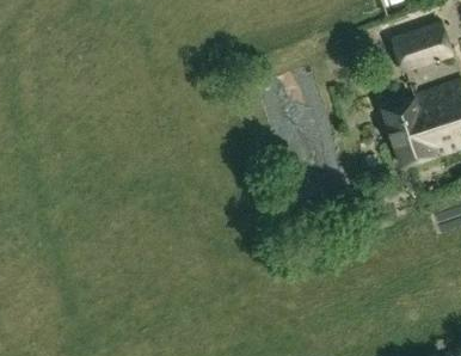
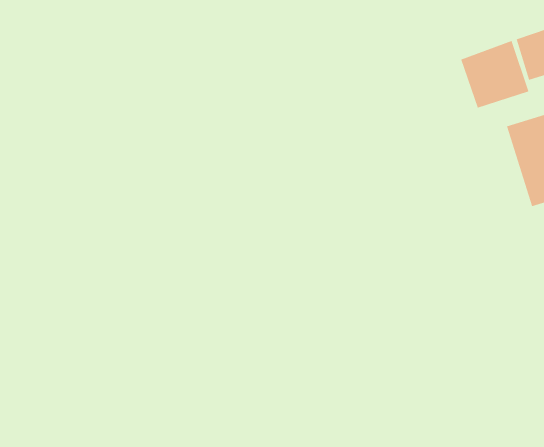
building: none -> [460,40,529,108]

